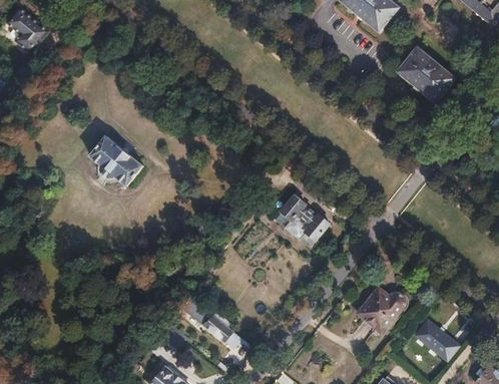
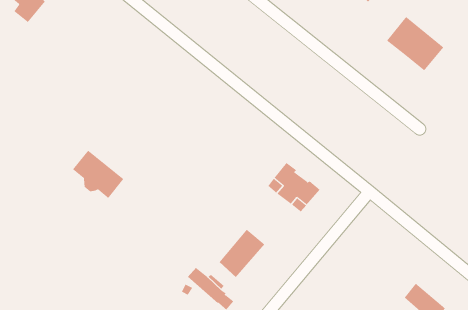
building: [89,135,142,185] -> [72,150,124,199]
building: none -> [219,229,265,278]
building: [356,288,402,333] -> none

